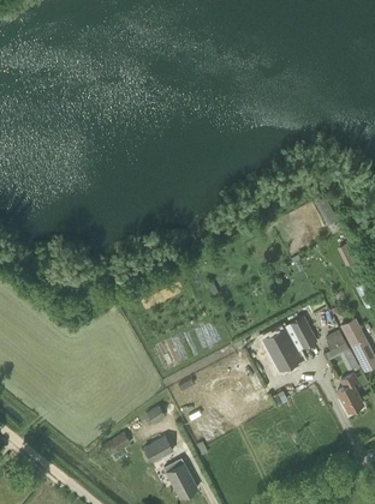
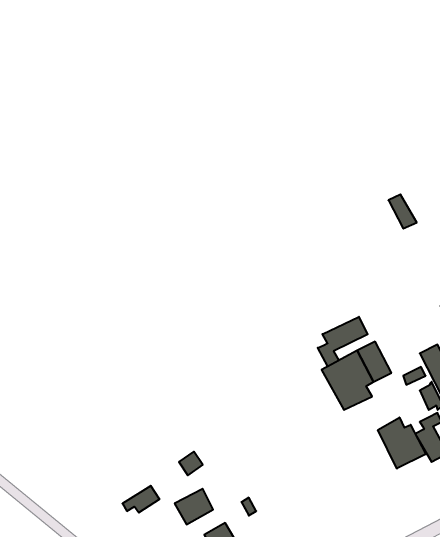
building: none -> [318,317,368,366]
building: none -> [378,417,426,469]

